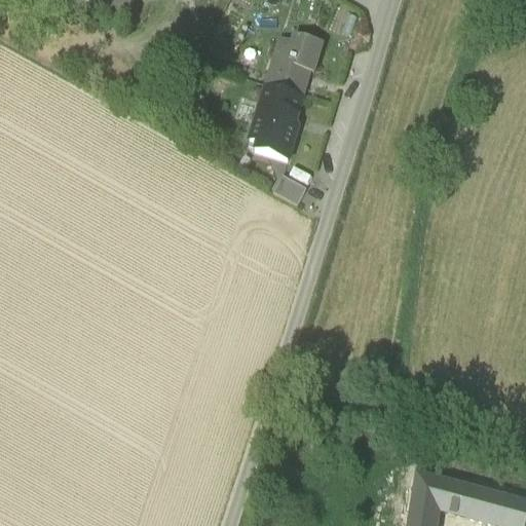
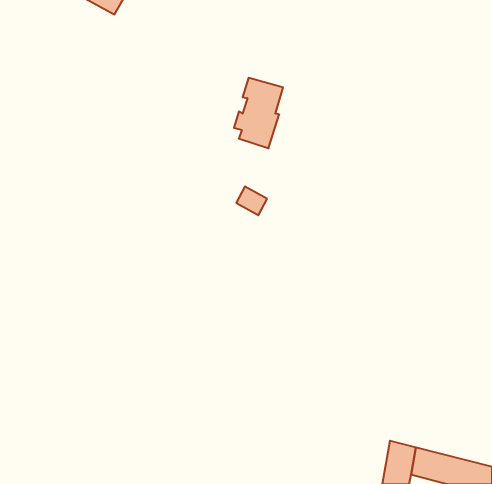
building: [265,32,322,93] -> none
building: [273,173,306,203] -> [236,186,267,215]

